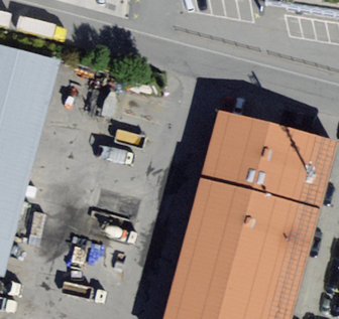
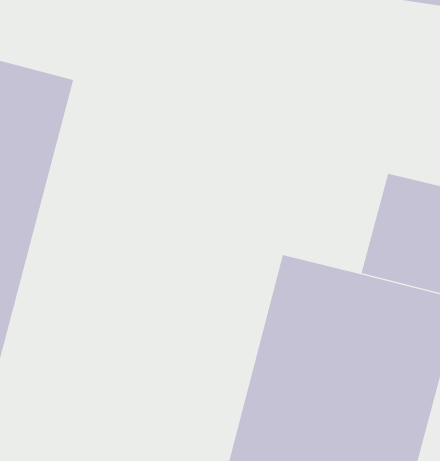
building: [200,108,270,189] -> none

